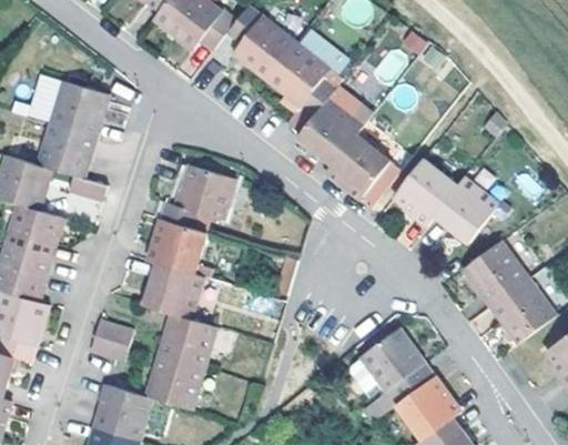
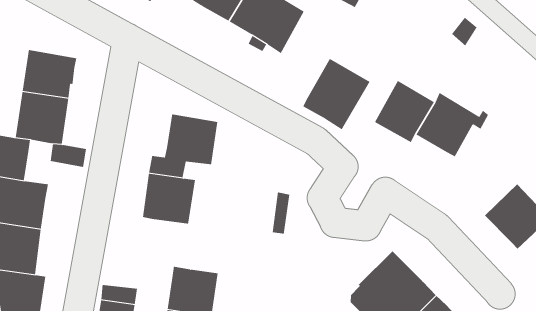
building: [295,81,375,165] -> none
building: [459,241,523,305] -> none
building: [149,262,205,316] -> none

